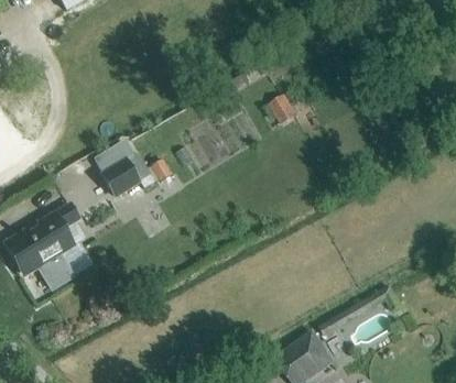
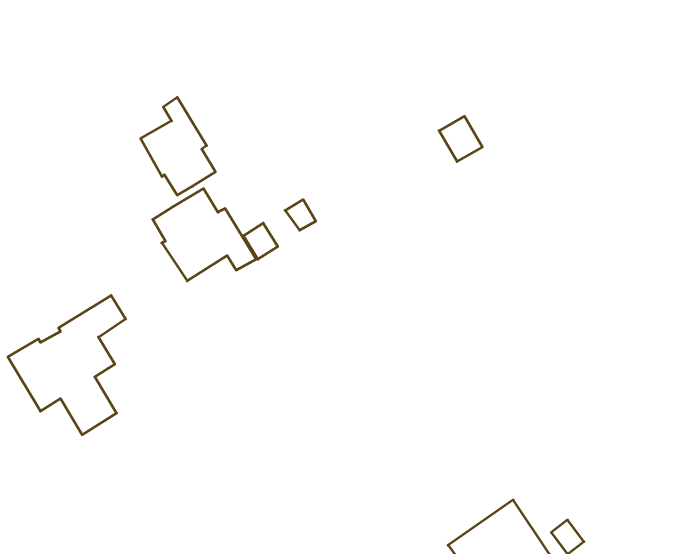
building: none -> [141,97,215,195]

